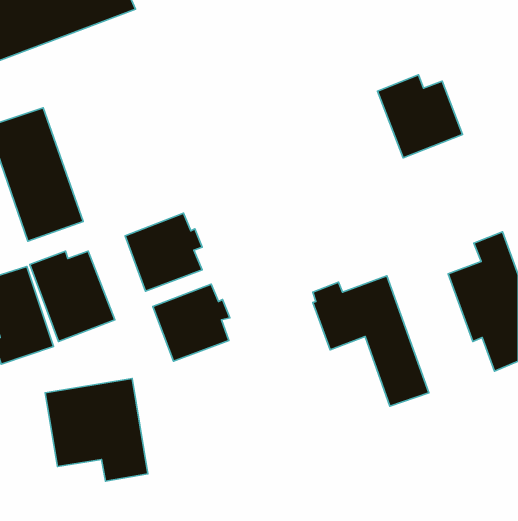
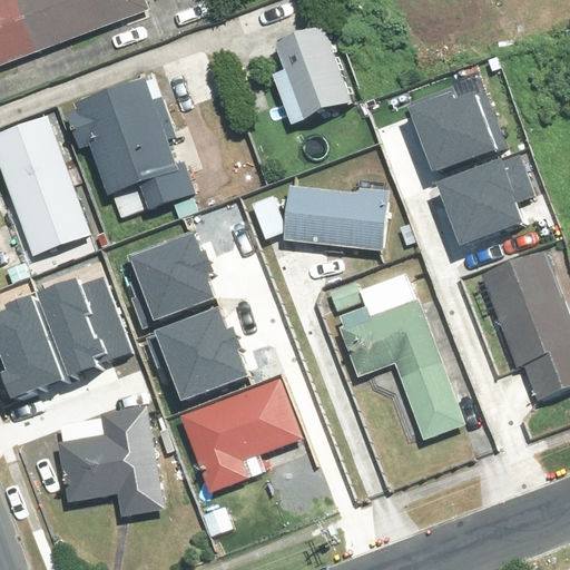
building: none -> [278,21,351,112]
building: none -> [61,76,194,226]
building: none -> [441,149,534,239]
building: none -> [283,176,387,240]
building: none -> [179,379,301,493]

